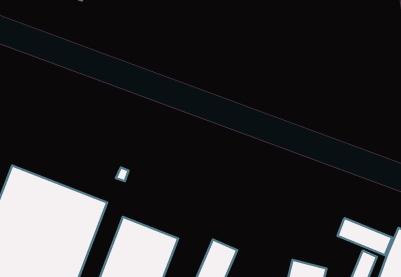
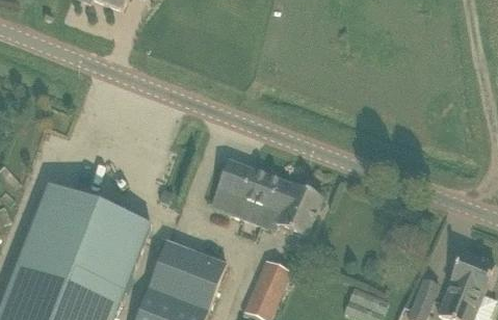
building: none -> [212,160,322,236]
building: [337,218,392,255] -> none

